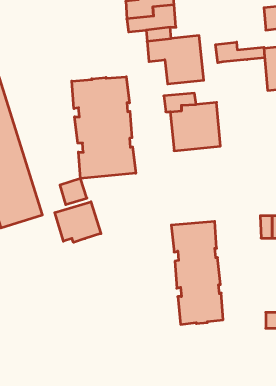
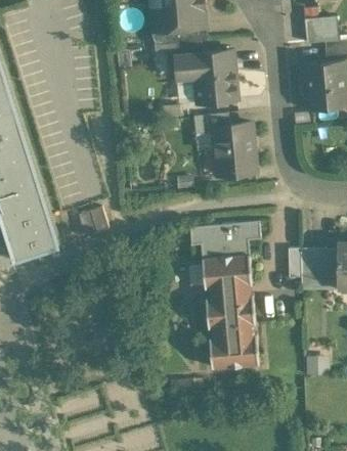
building: [216,42,264,63] -> none
building: [72,77,136,179] -> none
building: none -> [188,223,260,261]
building: [55,202,101,242] -> none

